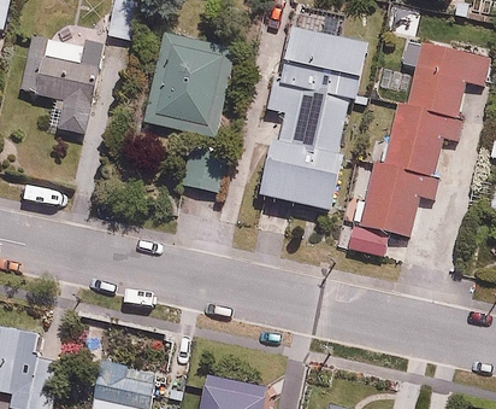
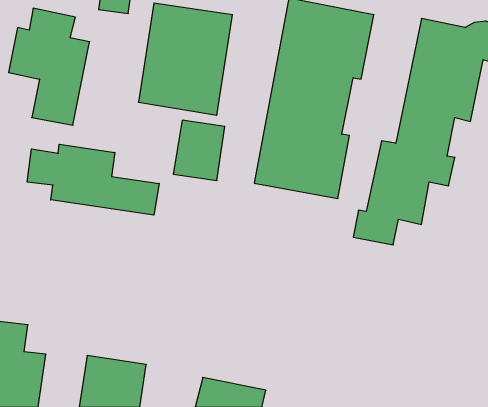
building: none -> [27,144,159,215]

